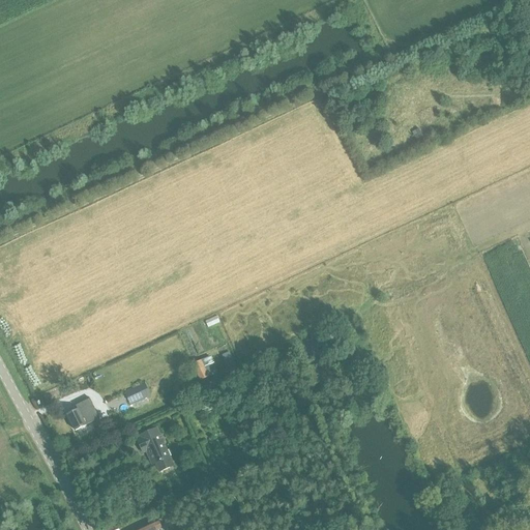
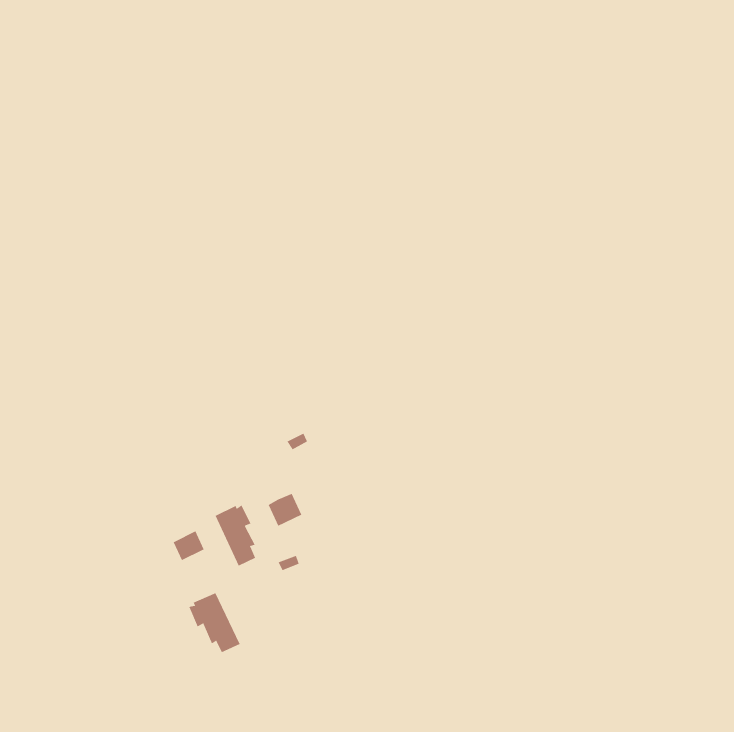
building: none -> [215,505,256,566]
building: [66,399,95,429] -> none

